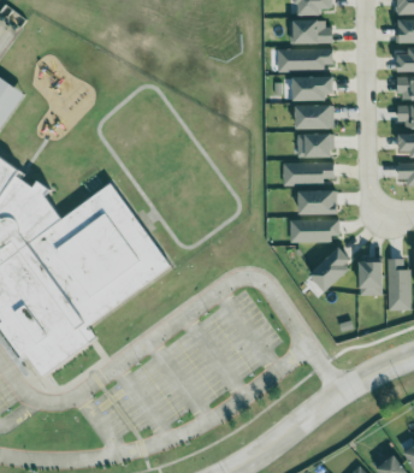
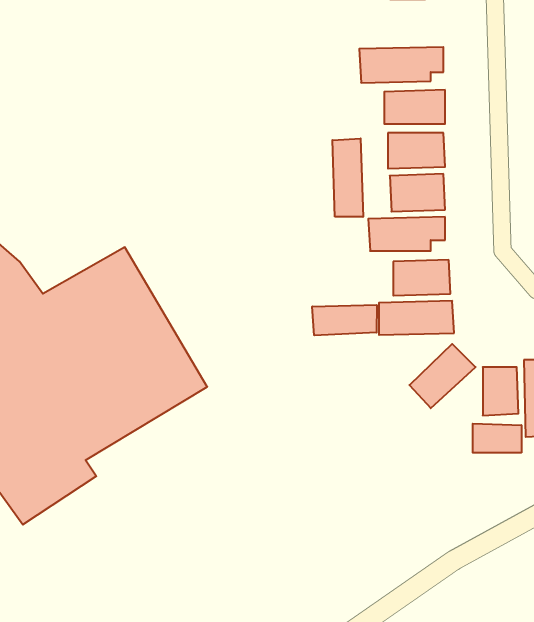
building: [290,22,332,45] -> none
building: none -> [332,138,363,217]
building: none -> [312,305,377,335]
building: none -> [473,424,521,453]

